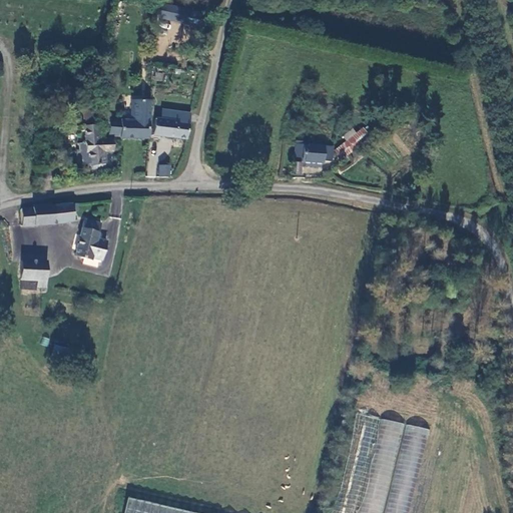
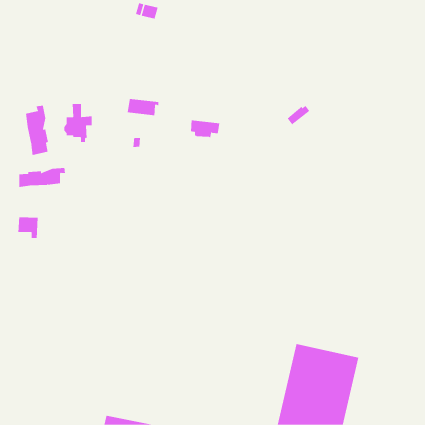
building: [110,102,150,138] -> none
building: none -> [25,105,49,156]
building: [297,143,333,165] -> [190,120,220,138]
building: [75,218,107,260] -> none

